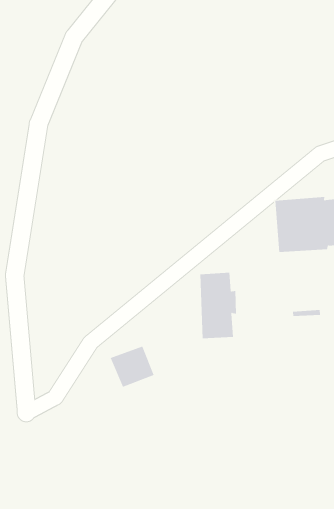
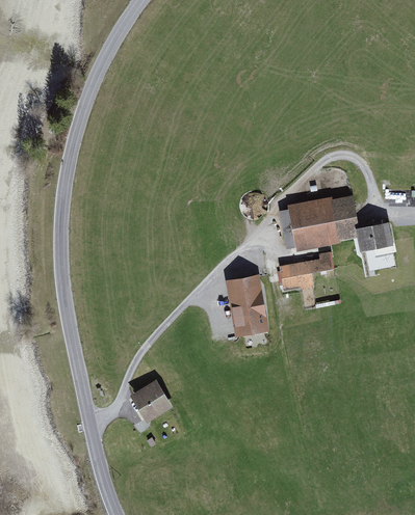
building: none -> [279,249,334,291]
building: [110,346,154,388] -> [129,380,171,419]

